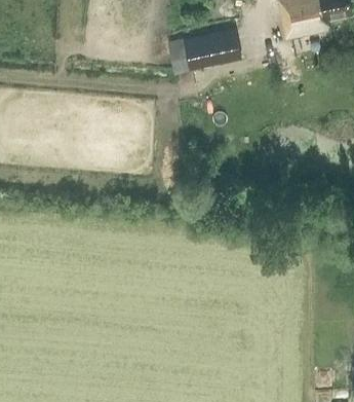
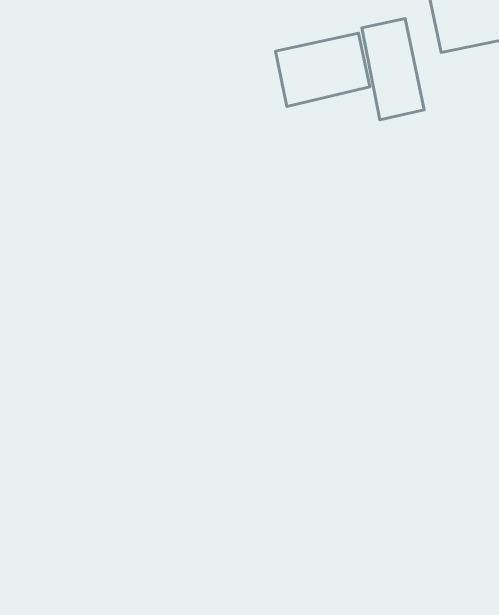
building: none -> [362,19,424,120]

